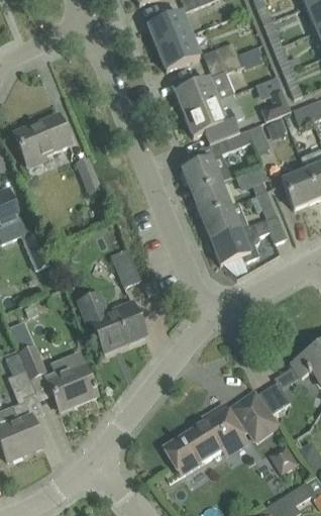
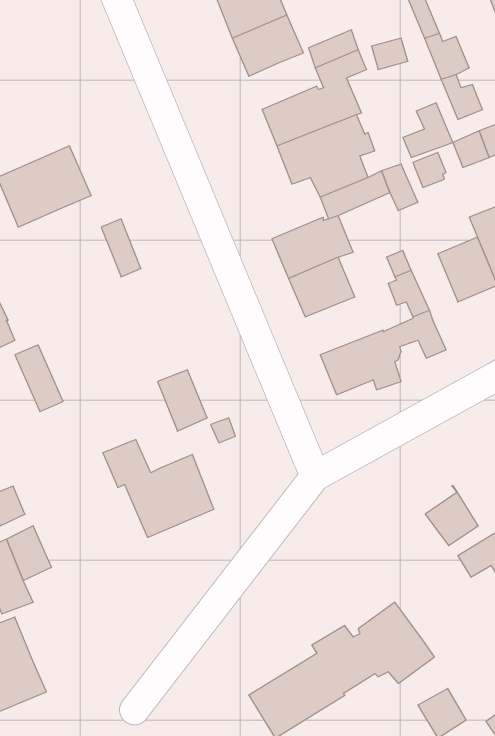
building: [201,201,248,239] -> none
building: [47,355,97,409] -> none
building: [258,377,291,413] -> [425,486,478,546]

